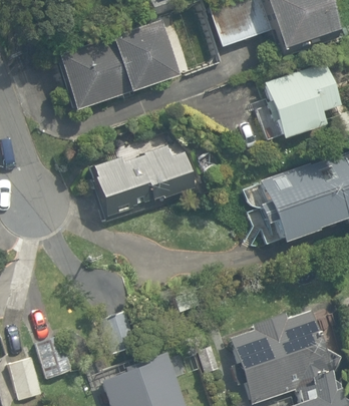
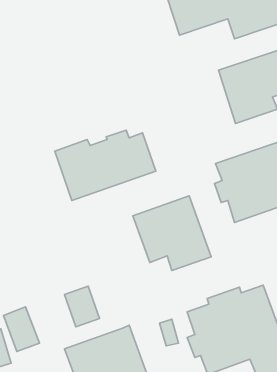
building: [57,20,181,109] -> none
building: none -> [133,196,211,270]

